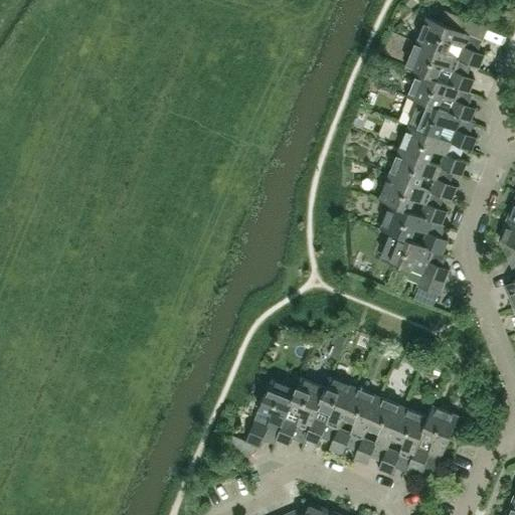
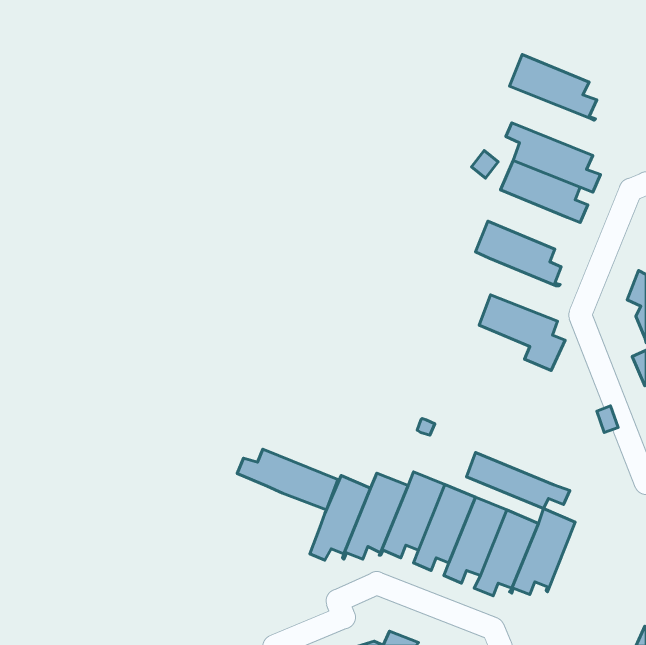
building: [415,18,485,70] -> none
building: [407,74,477,127] -> none
building: [388,152,458,203] -> none
building: [379,206,449,258] -> none
building: none -> [237,449,338,510]
building: none -> [466,452,570,508]

